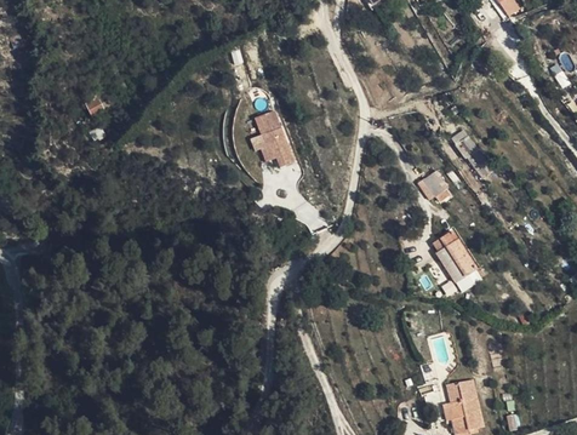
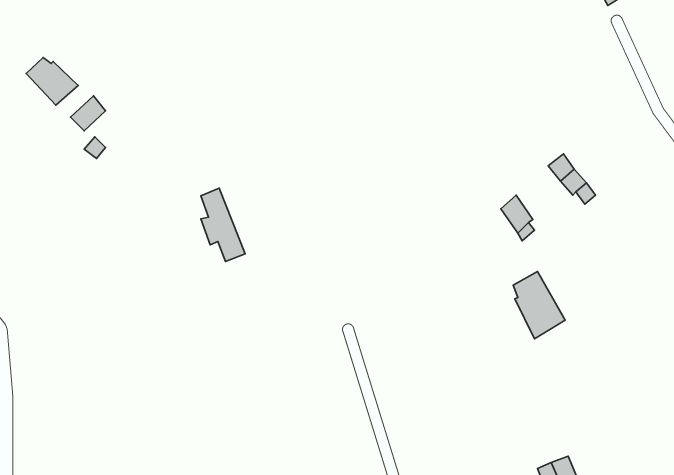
building: none -> [26,57,78,105]
building: [262,115,297,173] -> [201,188,245,262]

